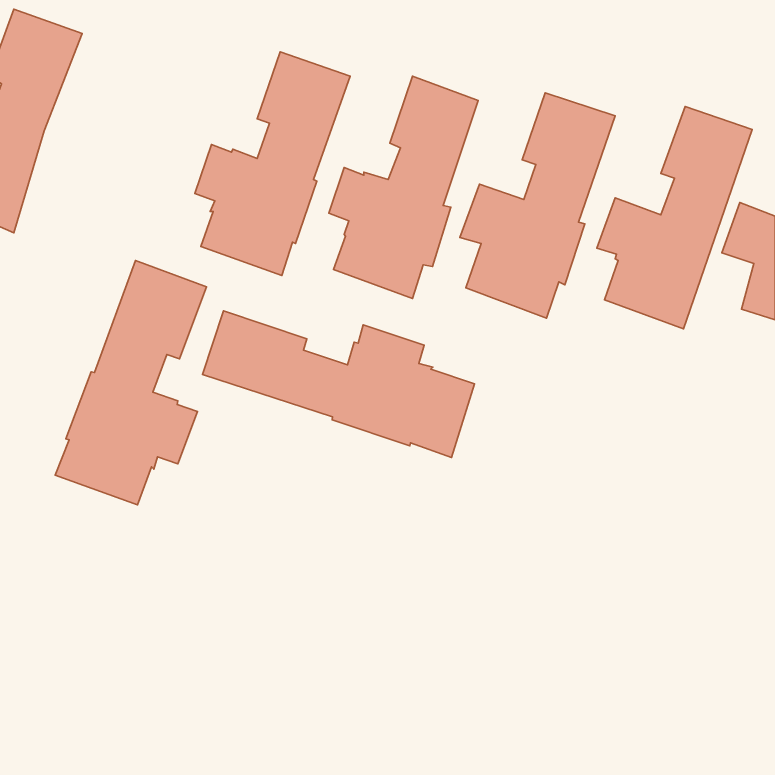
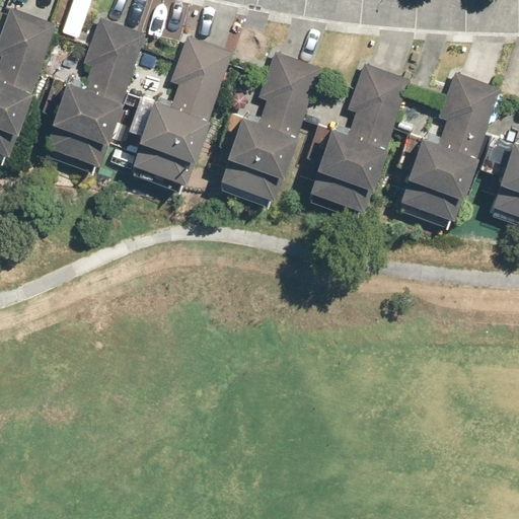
building: none -> [41,18,144,166]
building: [55,261,207,505] -> none
building: [203,311,475,457] -> none

